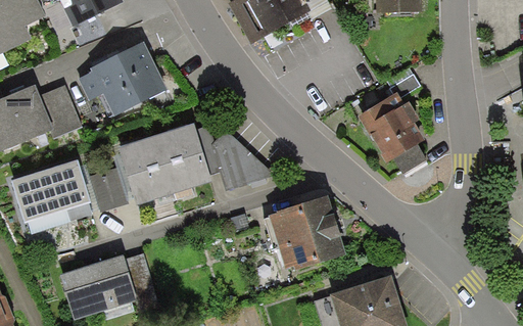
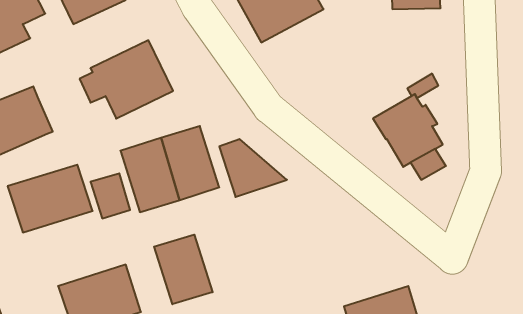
building: [39,85,82,138] -> none
building: [269,196,346,271] -> none
building: none -> [154,235,213,304]

